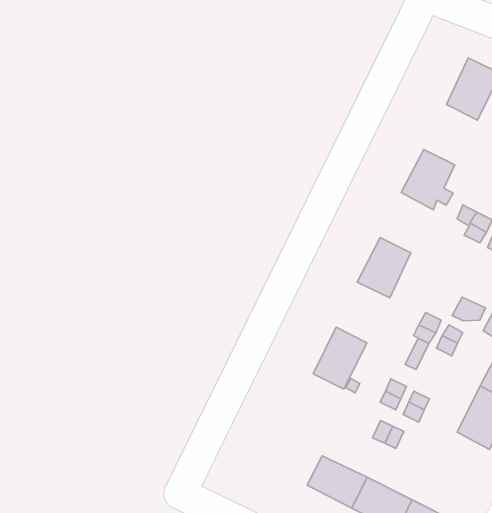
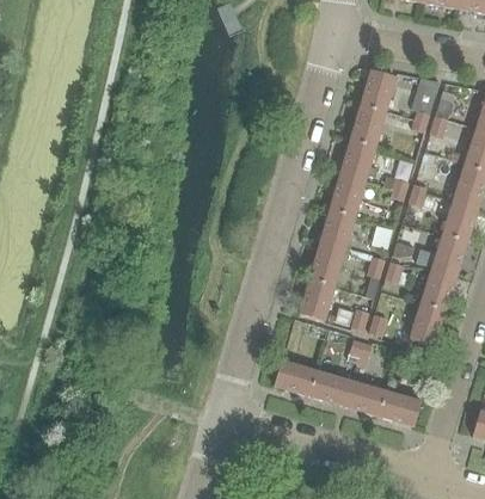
building: none -> [350,105,385,147]
building: none -> [330,173,364,215]
building: none -> [309,242,344,284]
building: none -> [274,359,315,393]

